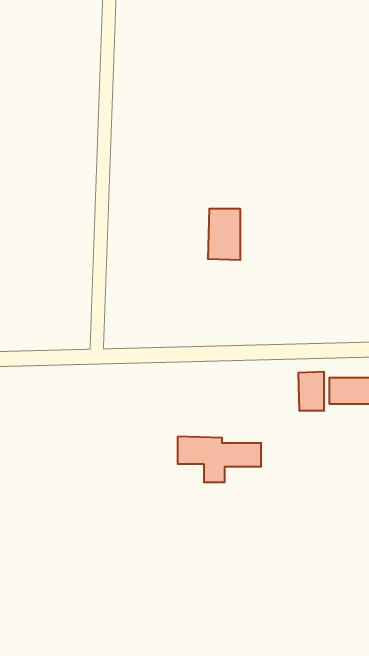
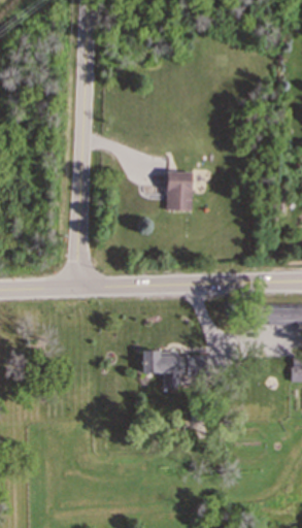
building: [299,372,324,411] -> none

